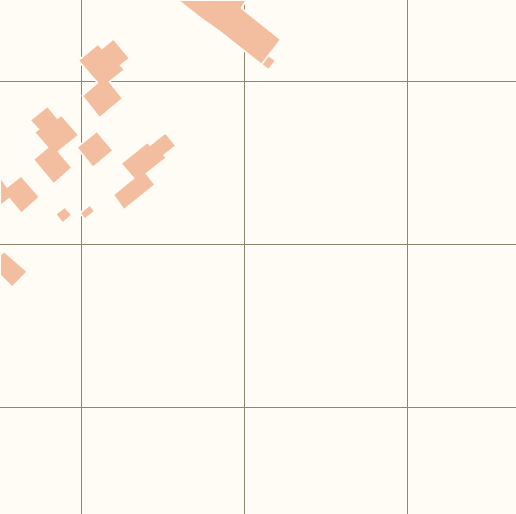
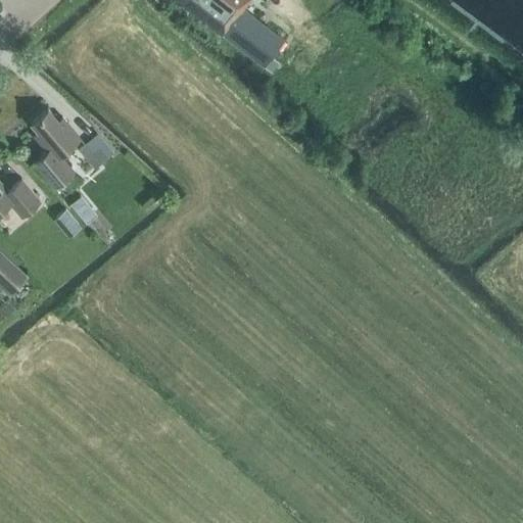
building: [78,39,130,118] -> none
building: [113,133,176,210] -> none

